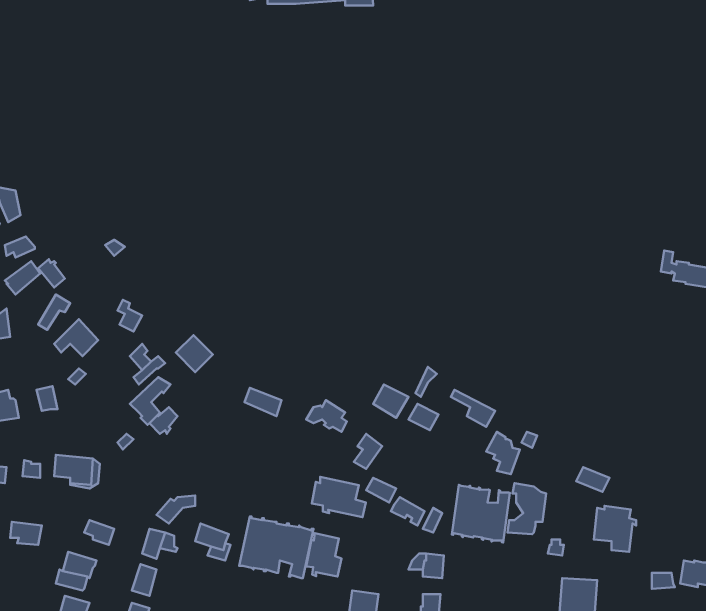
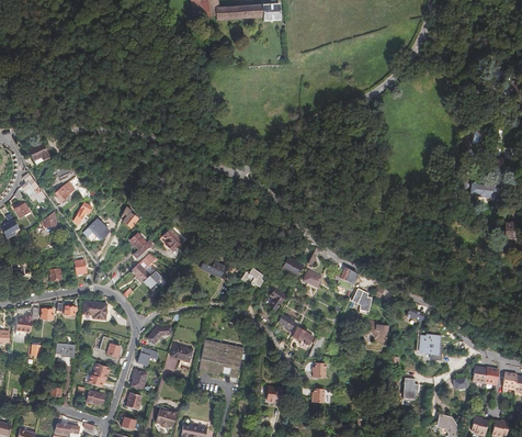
building: [312,477,366,517] -> none
building: [452,485,510,543] -> none
building: [306,533,341,576] -> none

